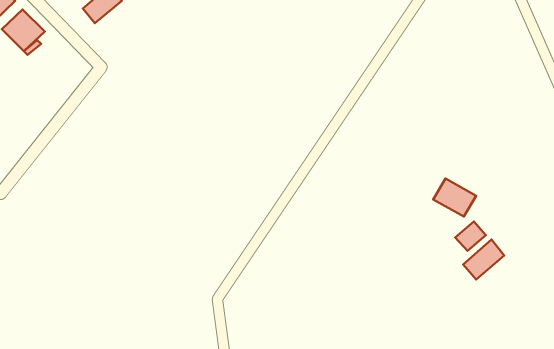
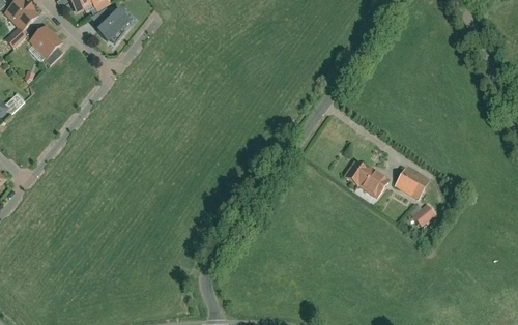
building: none -> [343,157,390,199]
building: [463,239,504,279] -> none

